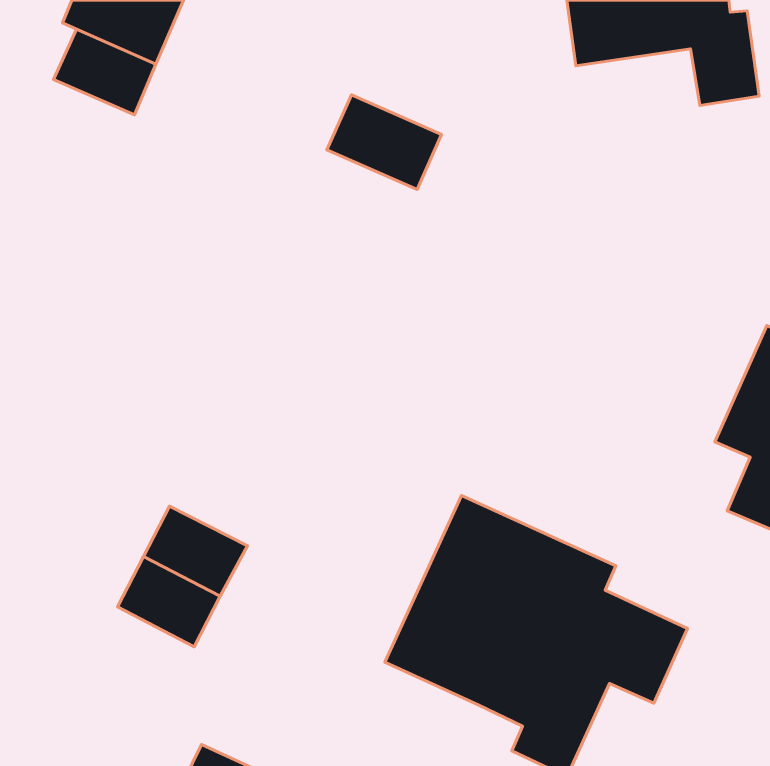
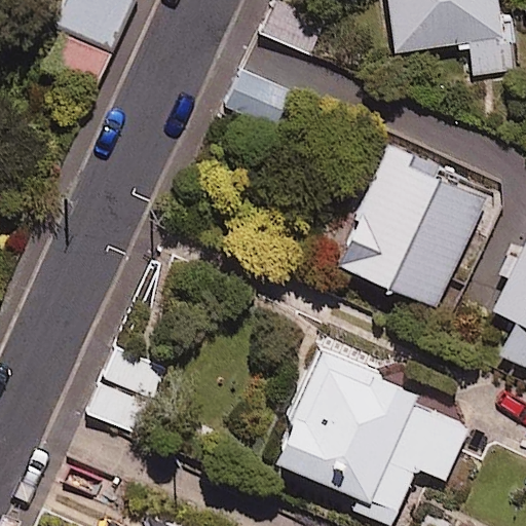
building: none -> [333,137,489,307]

